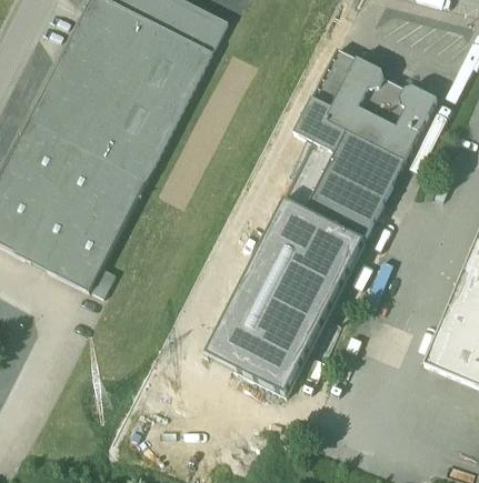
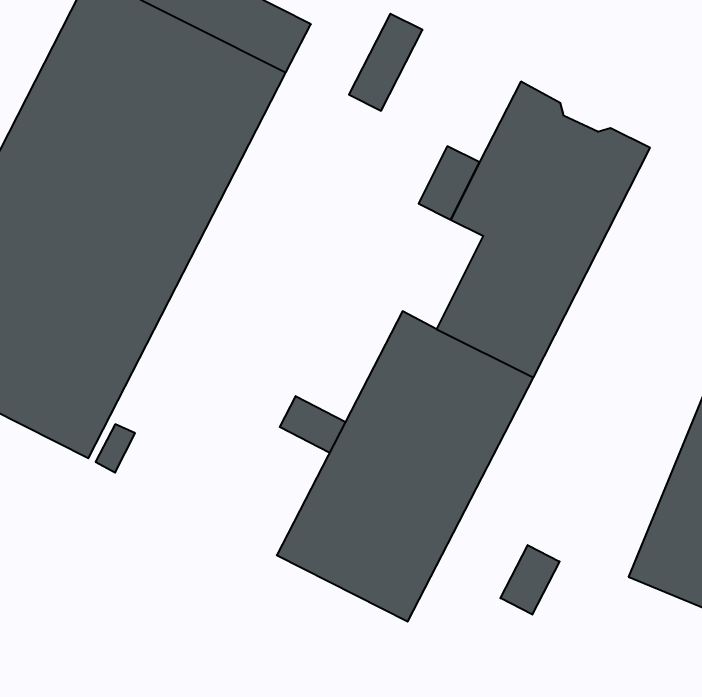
building: [312,47,358,107] -> [349,14,423,111]
building: none -> [280,396,346,453]
building: none -> [500,545,560,615]

